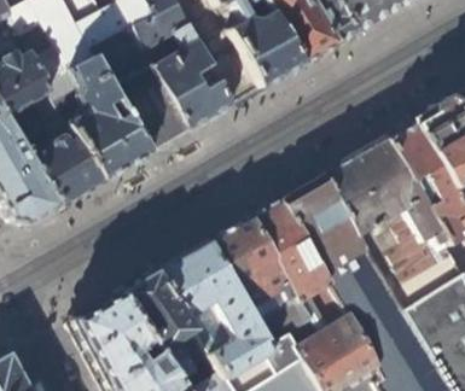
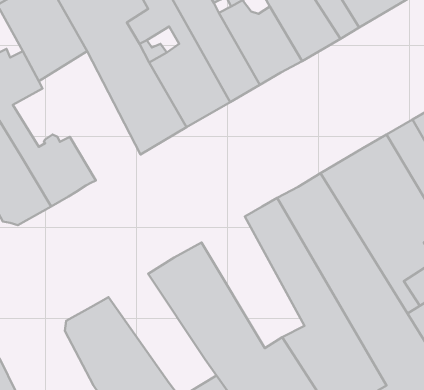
building: [47,57,146,182] -> none
building: [205,217,306,345] -> none
building: [115,273,209,379] -> none

